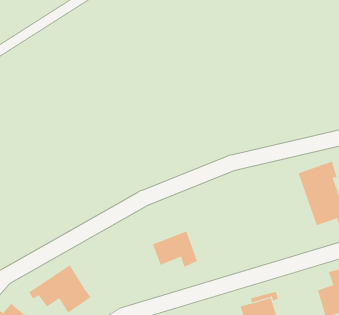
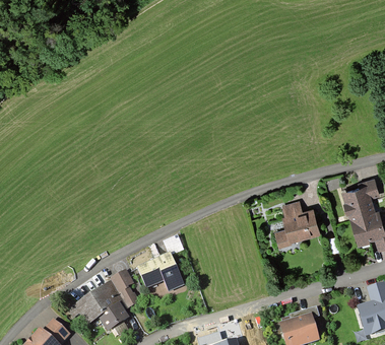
building: none -> [276,201,320,243]
building: [152,231,198,267] -> [138,255,184,291]
building: none -> [111,272,143,307]

